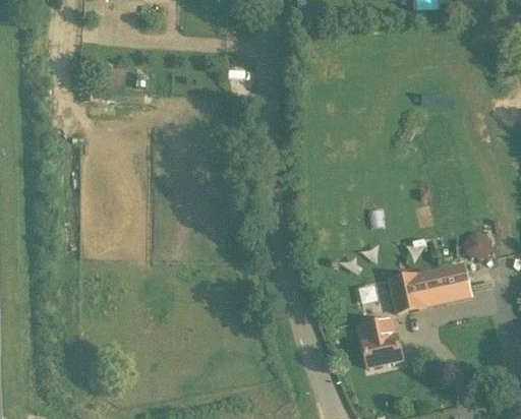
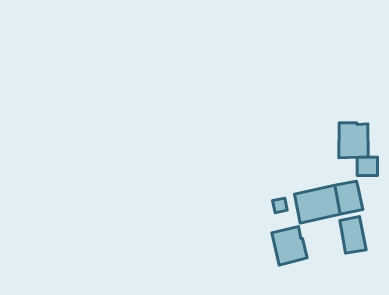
building: none -> [339,123,368,158]
building: none -> [340,216,366,253]

